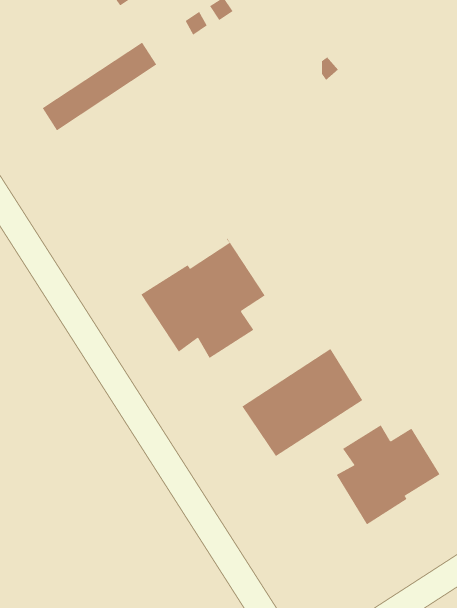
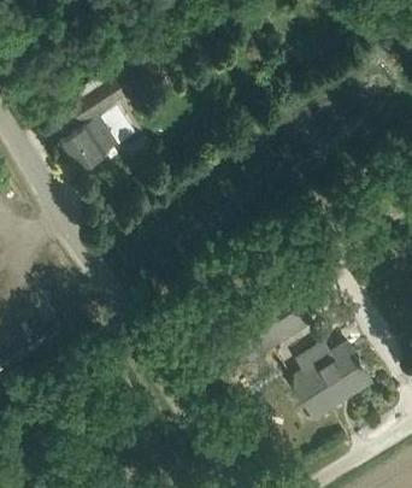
building: none -> [58,108,134,174]
building: [140,237,266,359] -> none

